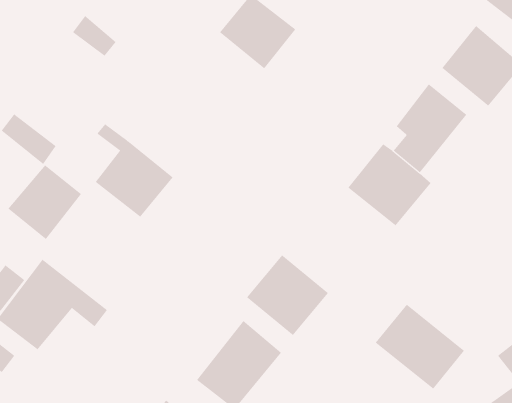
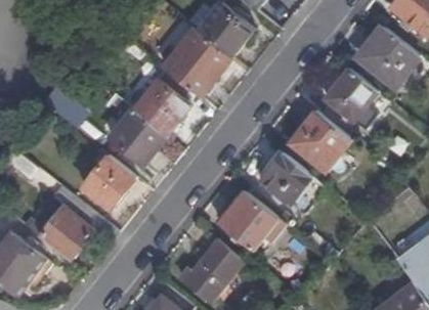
building: none -> [161,28,230,97]
building: none -> [132,80,188,136]
building: [8,164,82,240] -> [81,154,134,209]
building: [375,304,465,389] -> [259,153,324,215]

